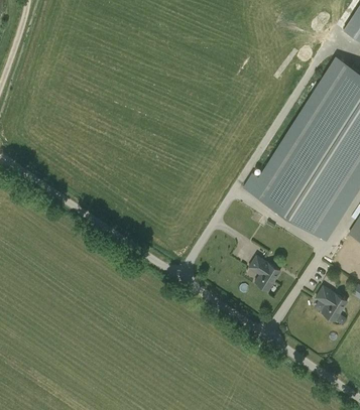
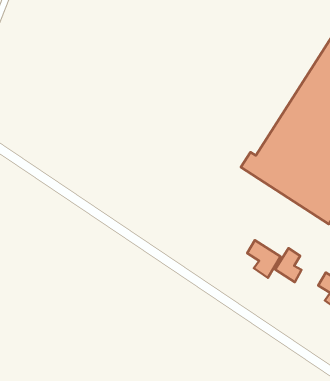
building: none -> [275,248,302,282]

